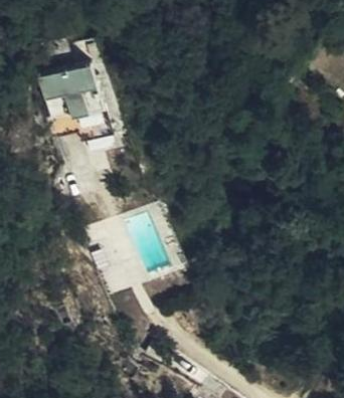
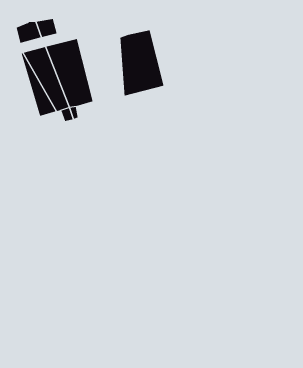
building: none -> [120,29,164,96]

